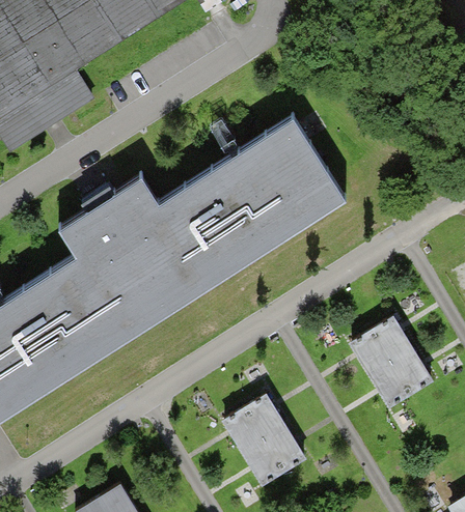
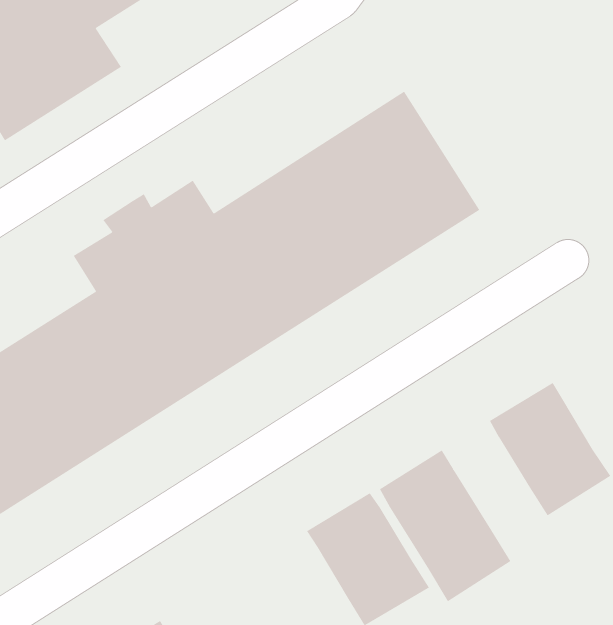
building: none -> [379,450,511,602]

